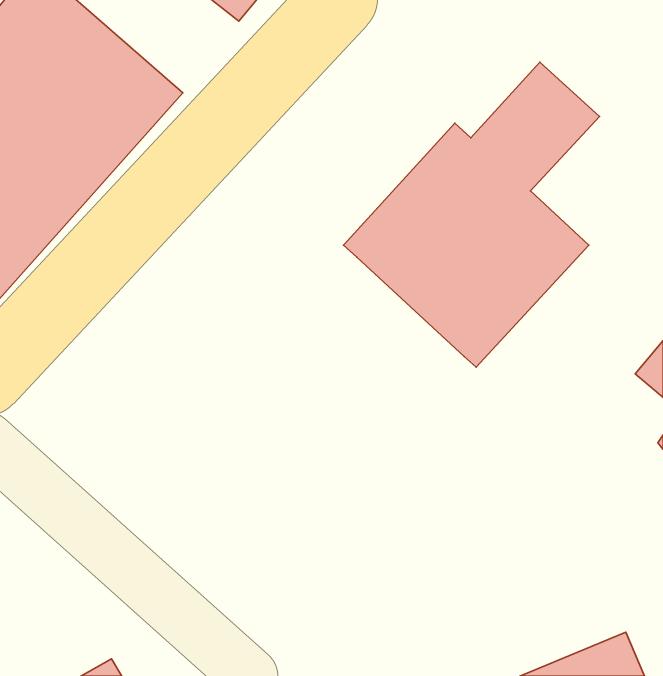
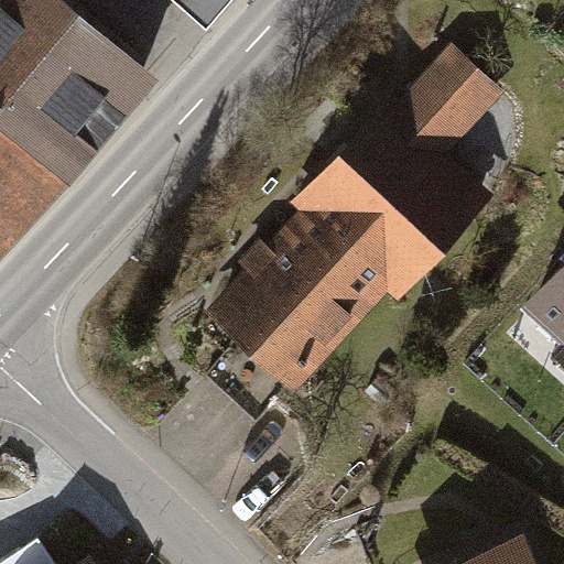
building: none -> [208,214,386,392]

